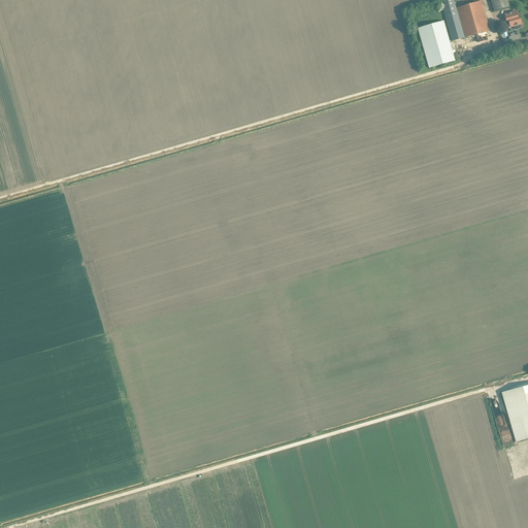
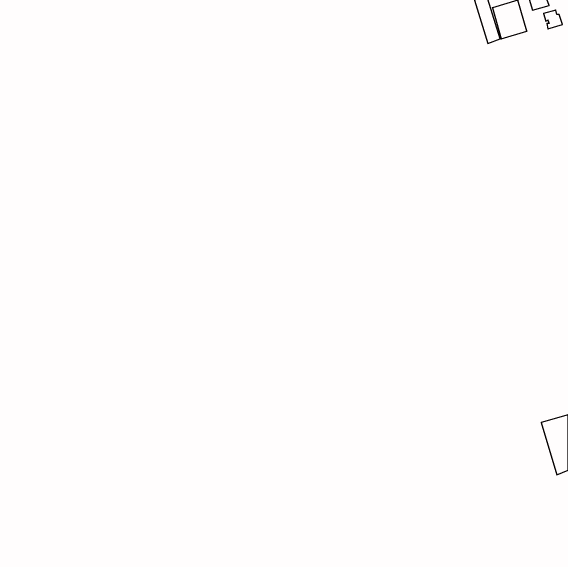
building: [419,20,455,67] -> none

